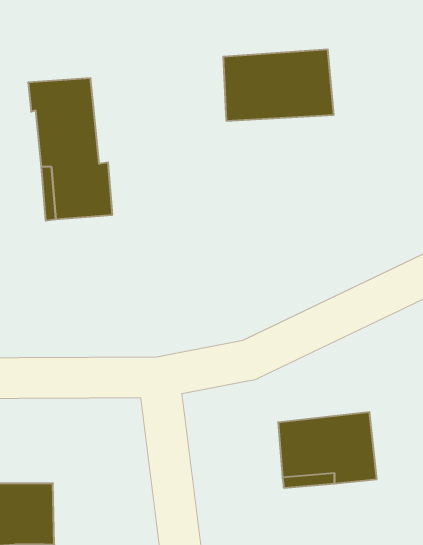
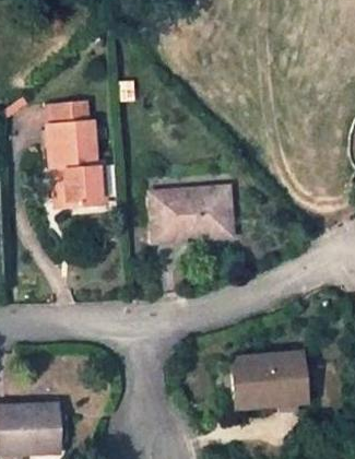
building: [223,50,334,121] -> [151,185,234,238]

